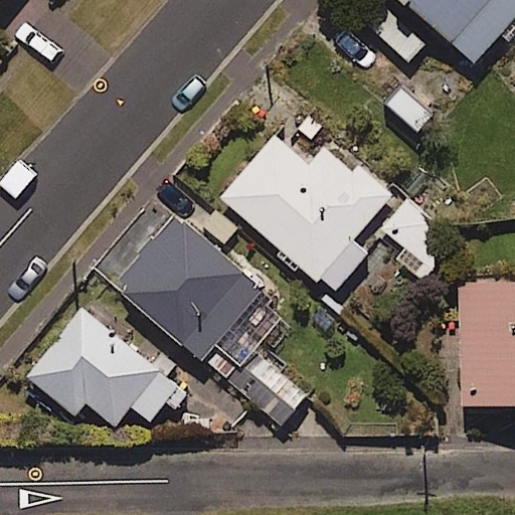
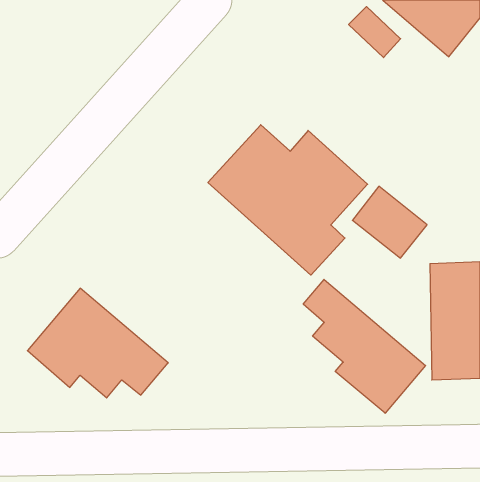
building: [115,218,306,430] -> none
building: none -> [303,279,426,413]

